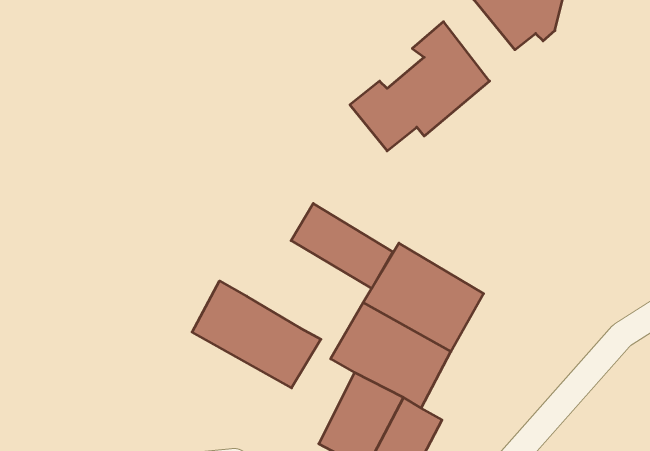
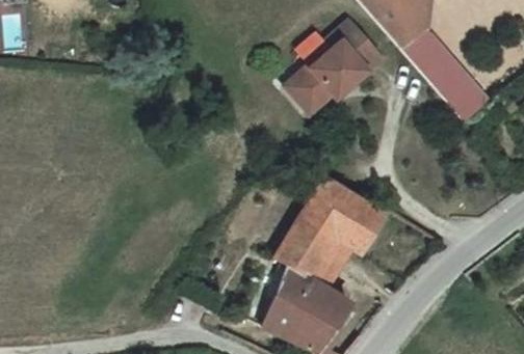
building: none -> [399,29,488,118]
building: [291,203,393,288] -> none
building: [192,281,321,388] -> none

